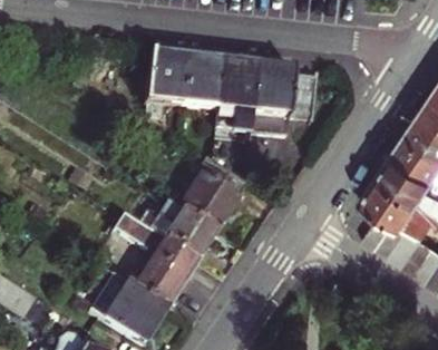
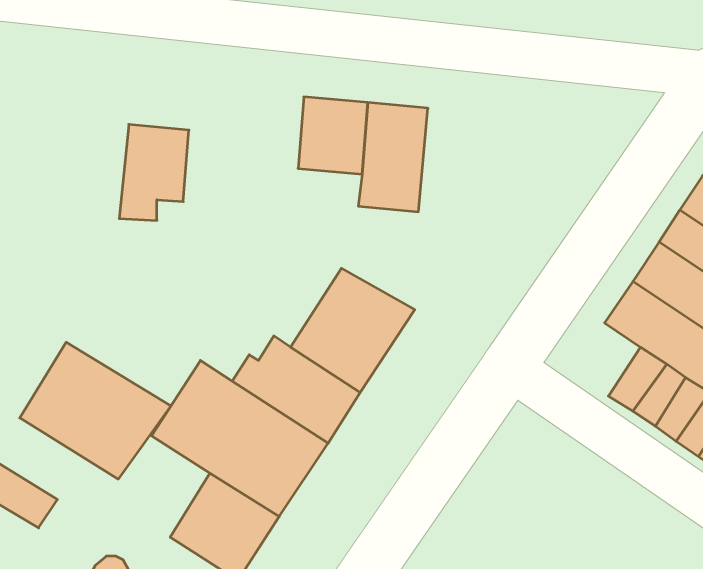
building: [142,56,183,113] -> [119,124,189,220]
building: [251,66,317,130] -> none
building: none -> [20,342,171,479]

